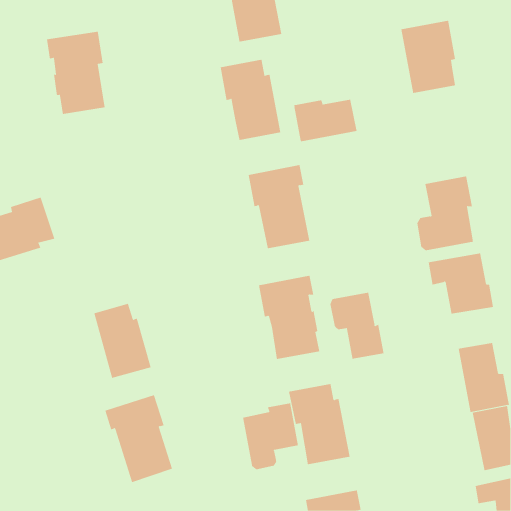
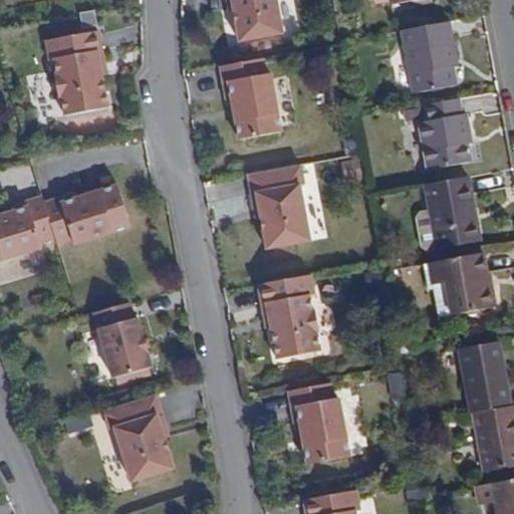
building: none -> [419,97,471,169]
building: [293,99,357,142] -> none
building: none -> [43,185,131,244]
building: [330,292,384,360] -> none
building: [243,402,299,470] -> none

